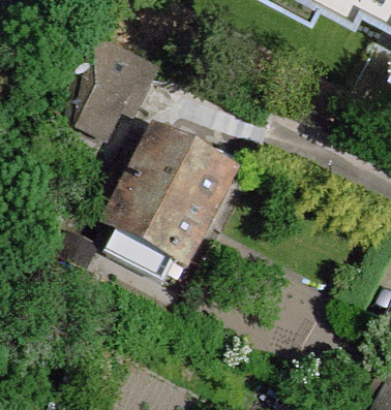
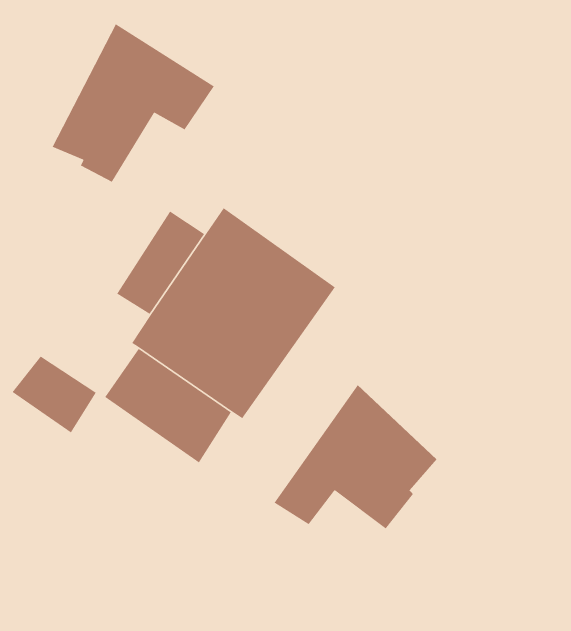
building: none -> [273,384,438,529]

